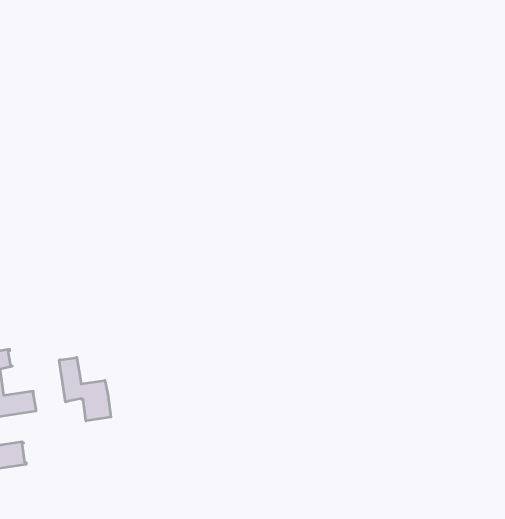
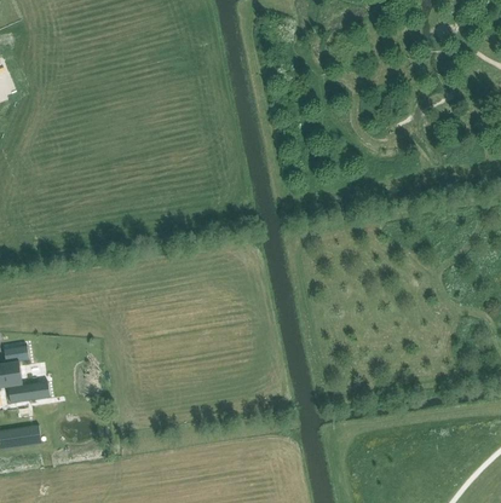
building: [59,357,111,421] -> none

